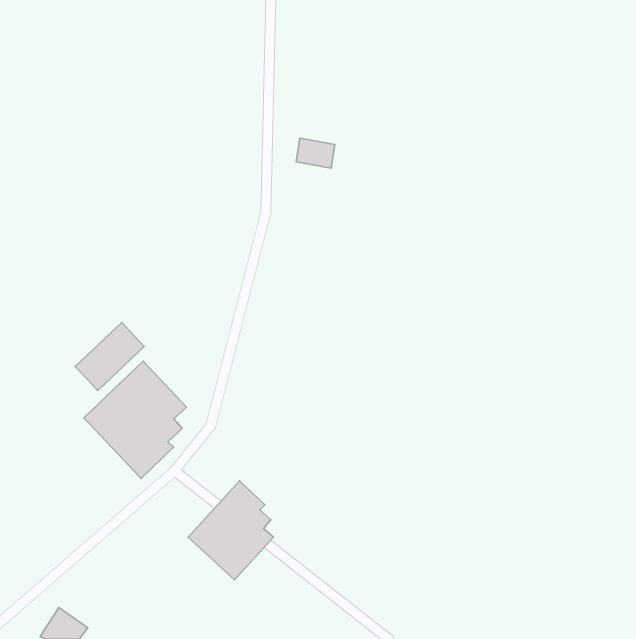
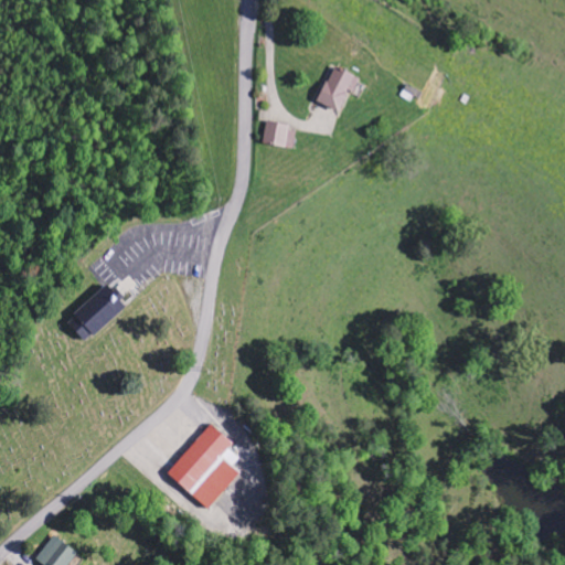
building: none -> [317,65,356,111]
building: [84,361,187,479] -> none

